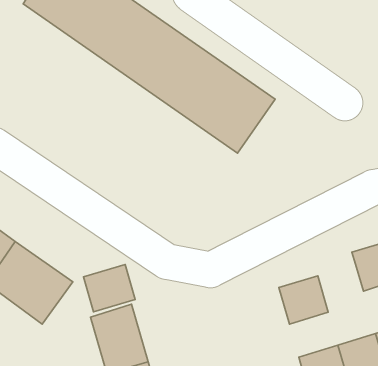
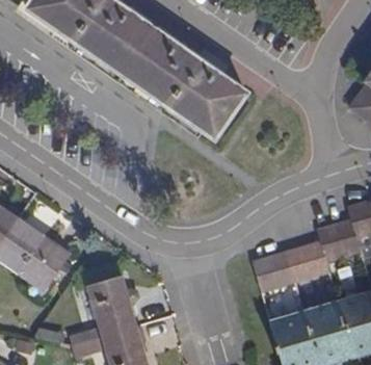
building: none -> [286,238,328,281]
building: [83,265,135,312] -> none

